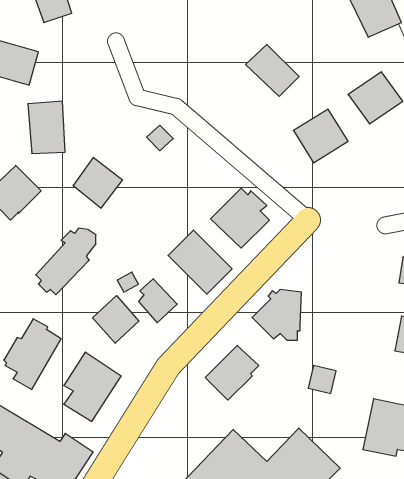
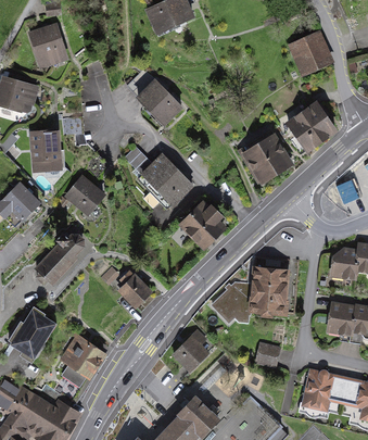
building: [246,44,299,96] -> [137,79,180,122]
building: [168,230,232,294] -> [140,153,192,205]
building: none -> [250,265,289,315]
building: [93,296,139,343] -> none

